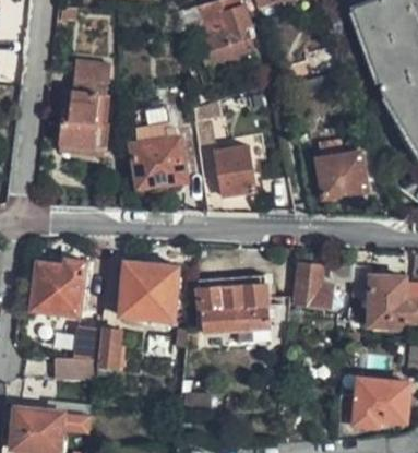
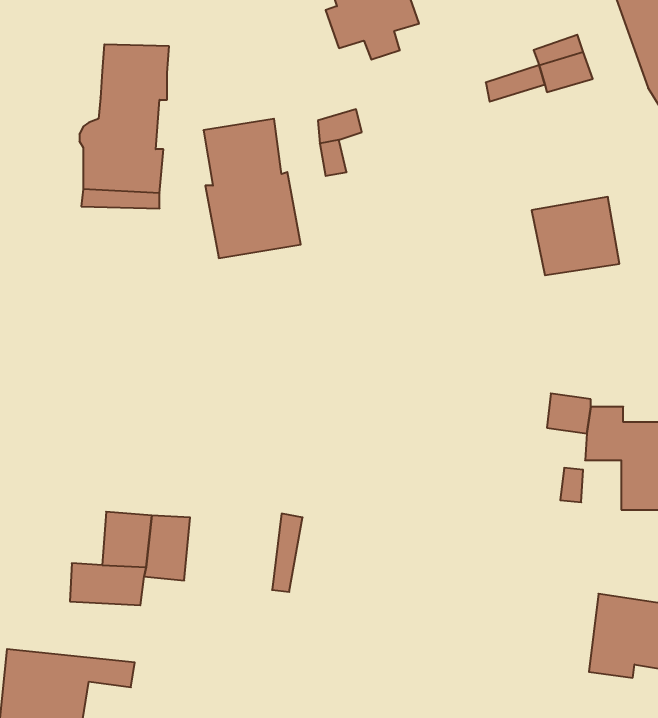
building: [216,143,259,194] -> none
building: [34,260,88,318] -> none
building: [122,264,180,324] -> none
building: [290,265,330,312] -> none
building: [199,285,270,335] -> none

